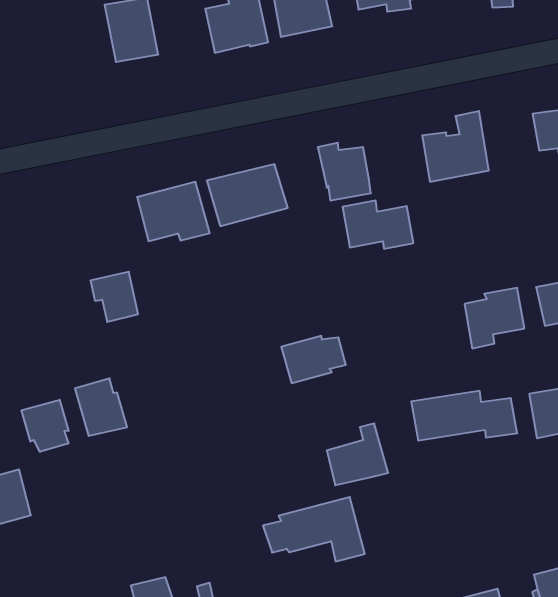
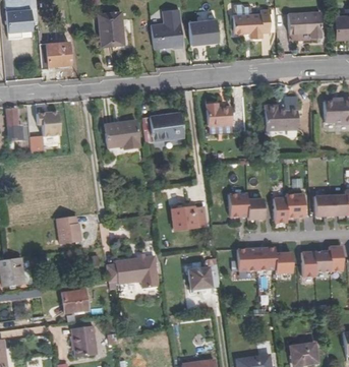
building: none -> [49,41,71,64]
building: [343,201,413,249] -> [228,194,264,221]
building: [90,272,138,322] -> [37,111,60,136]
building: [21,400,69,452] -> none
building: [263,497,365,561] -> [105,251,158,285]
building: none -> [64,291,89,314]

